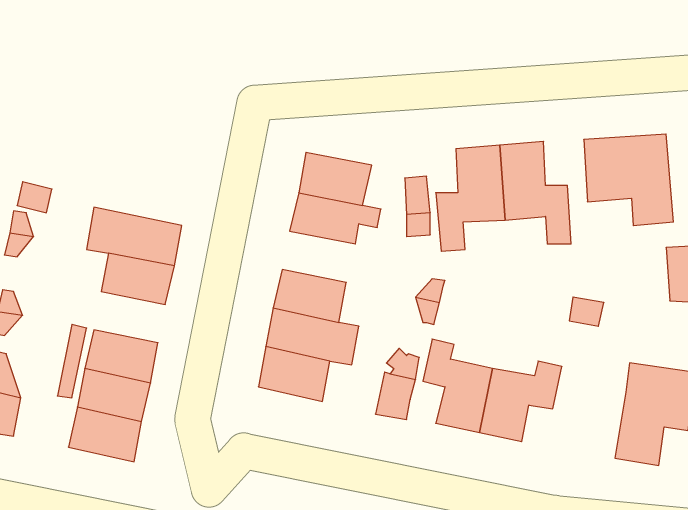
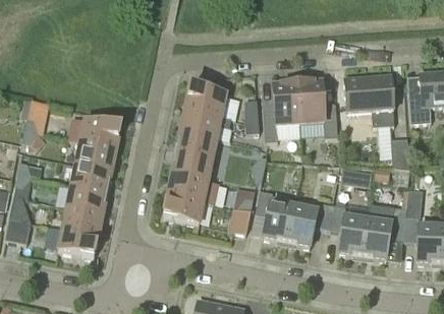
building: none -> [176,130,217,159]
building: none -> [71,164,111,192]
building: none -> [327,205,368,256]

